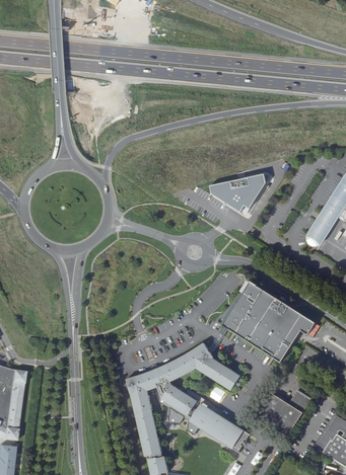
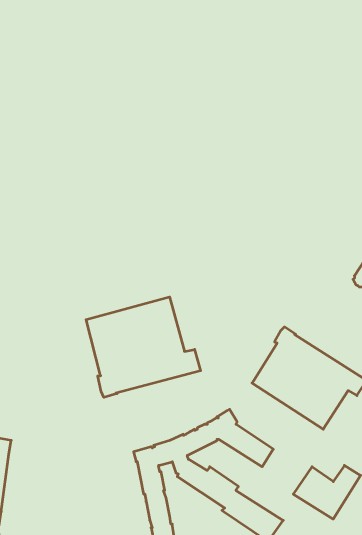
building: [209,173,265,211] -> none
building: none -> [86,297,201,397]

